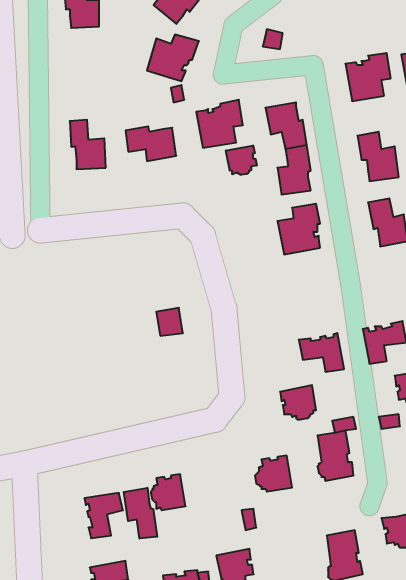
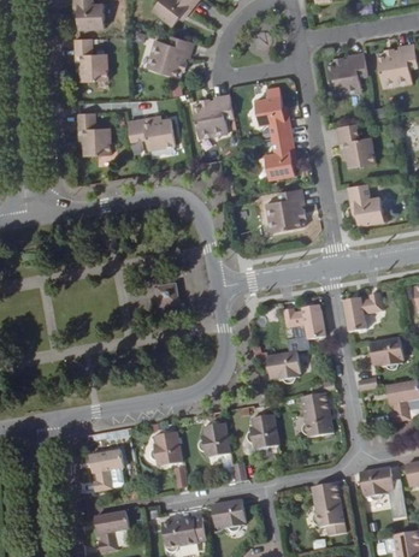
building: none -> [76,37,107,82]
building: [226,145,257,175] -> none
building: none -> [200,422,231,456]
building: [124,488,157,539] -> none

